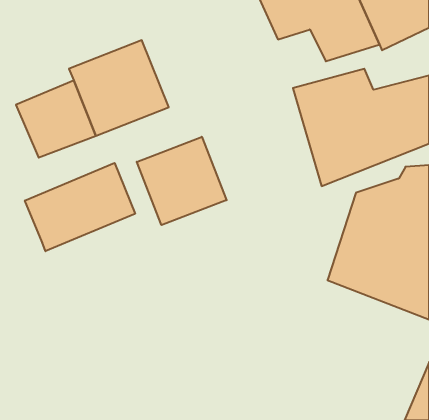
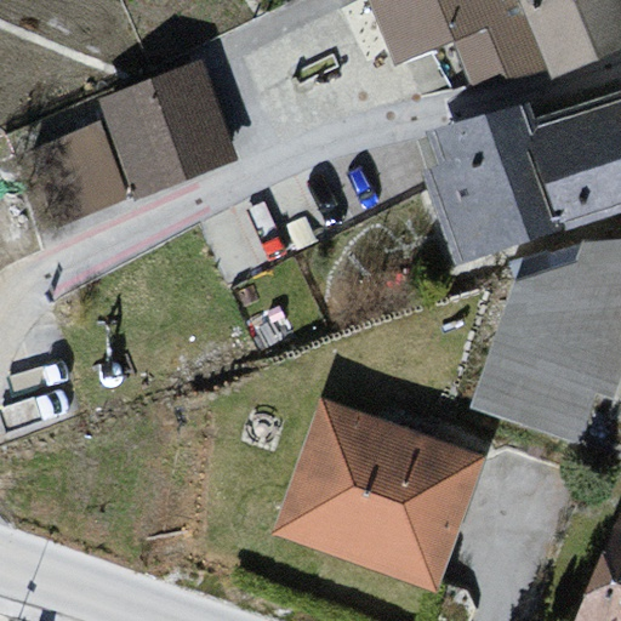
building: [137,137,227,225] -> none
building: [25,163,135,251] -> none
building: none -> [267,395,484,593]

